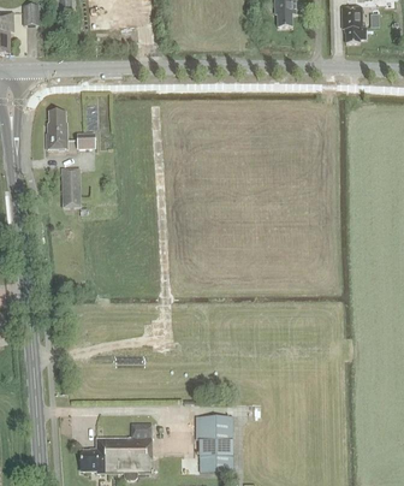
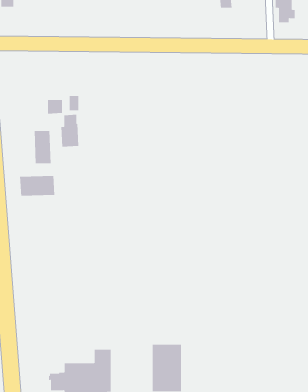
building: [46,111,67,149] -> [61,114,79,147]
building: none -> [20,175,55,197]

